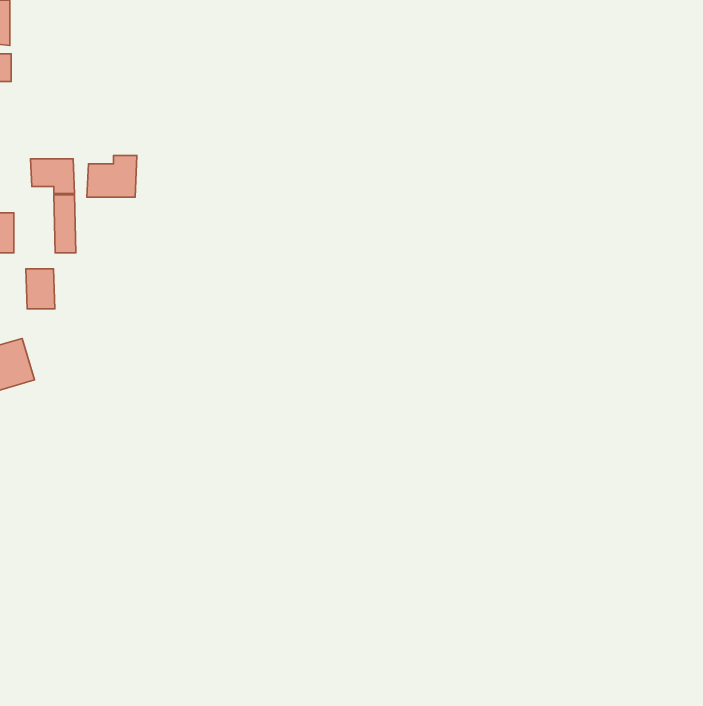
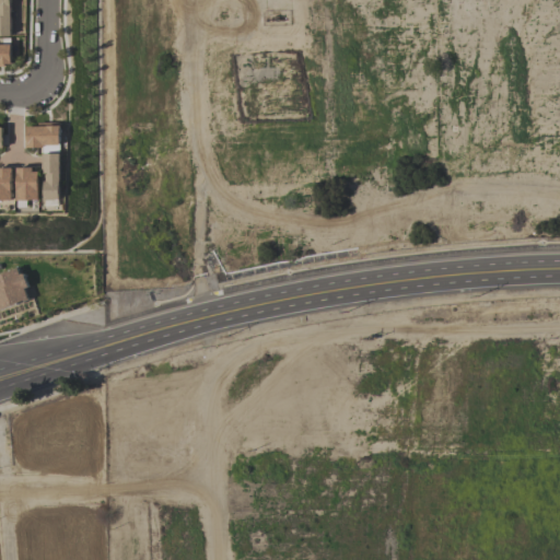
building: [87,155,137,197] -> none
building: [26,269,55,309] -> [15,168,38,200]

